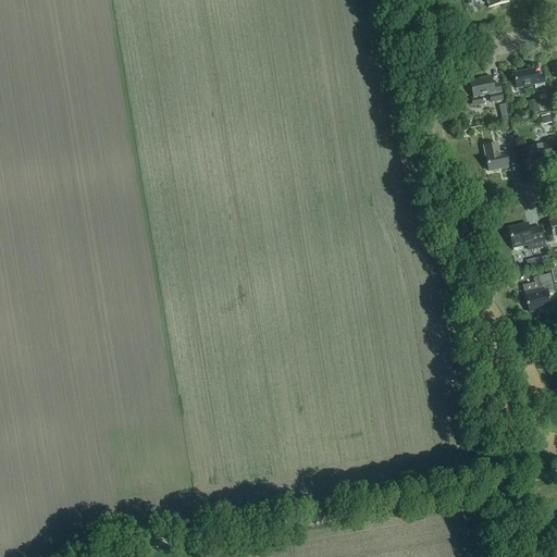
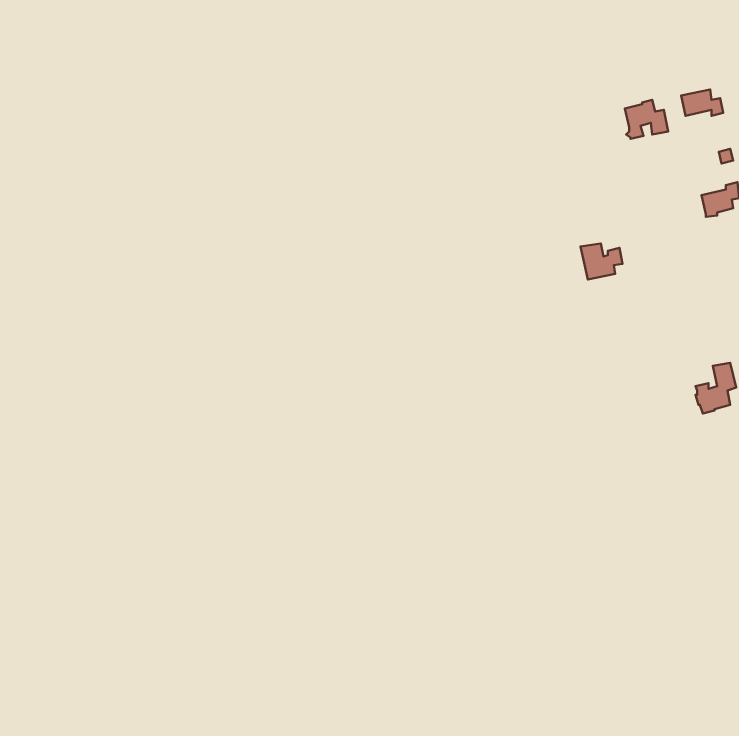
building: [483,143,515,170] -> [580,243,622,280]
building: [508,223,545,249] -> none

